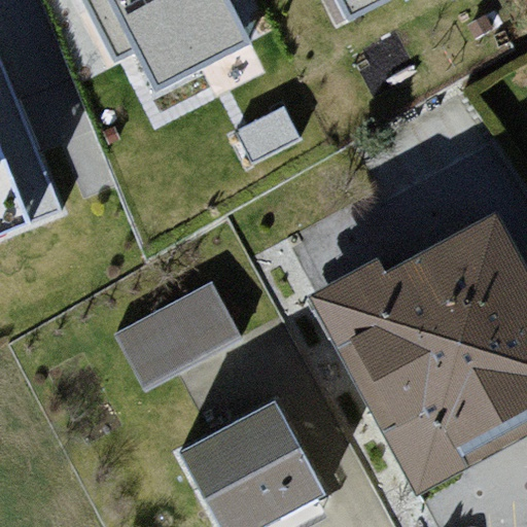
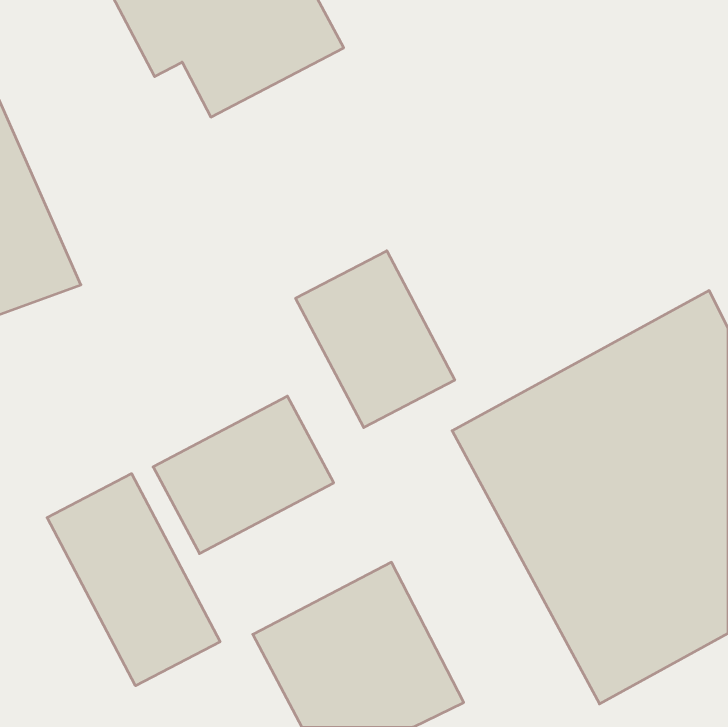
building: none -> [296,251,455,428]
building: none -> [47,474,220,686]

